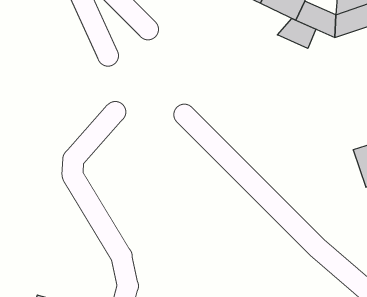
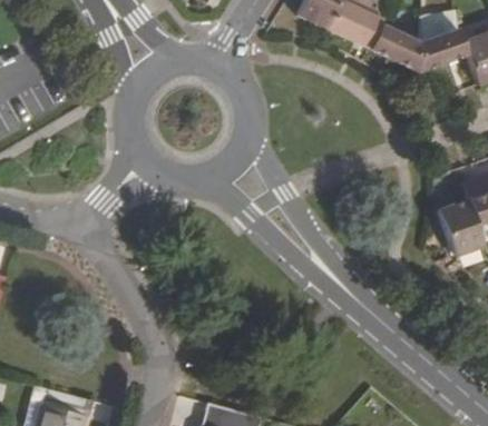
building: [277,18,316,48] -> none

